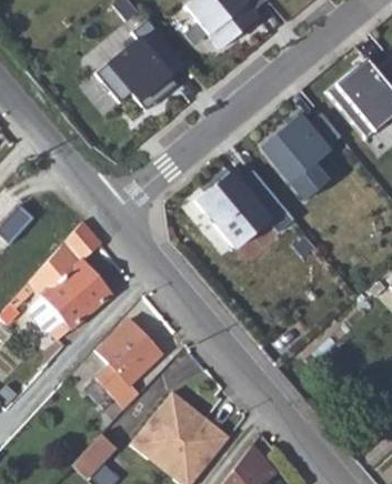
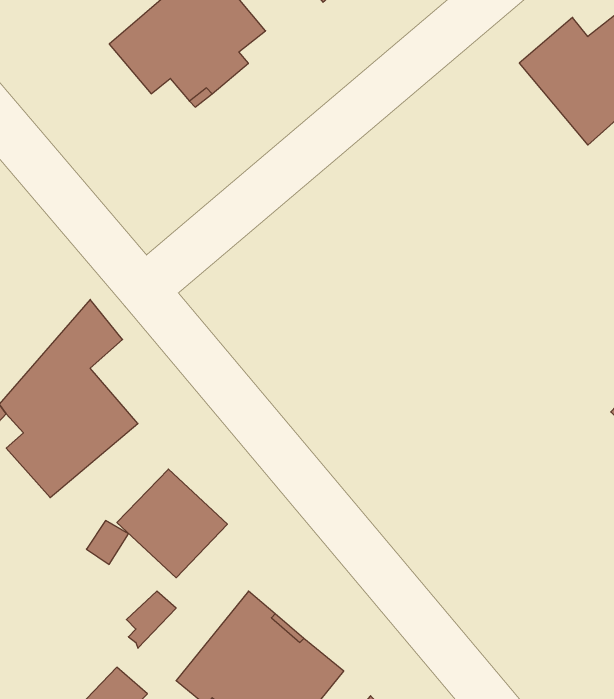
building: [259,113,340,202] -> none
building: [194,169,295,248] -> none

